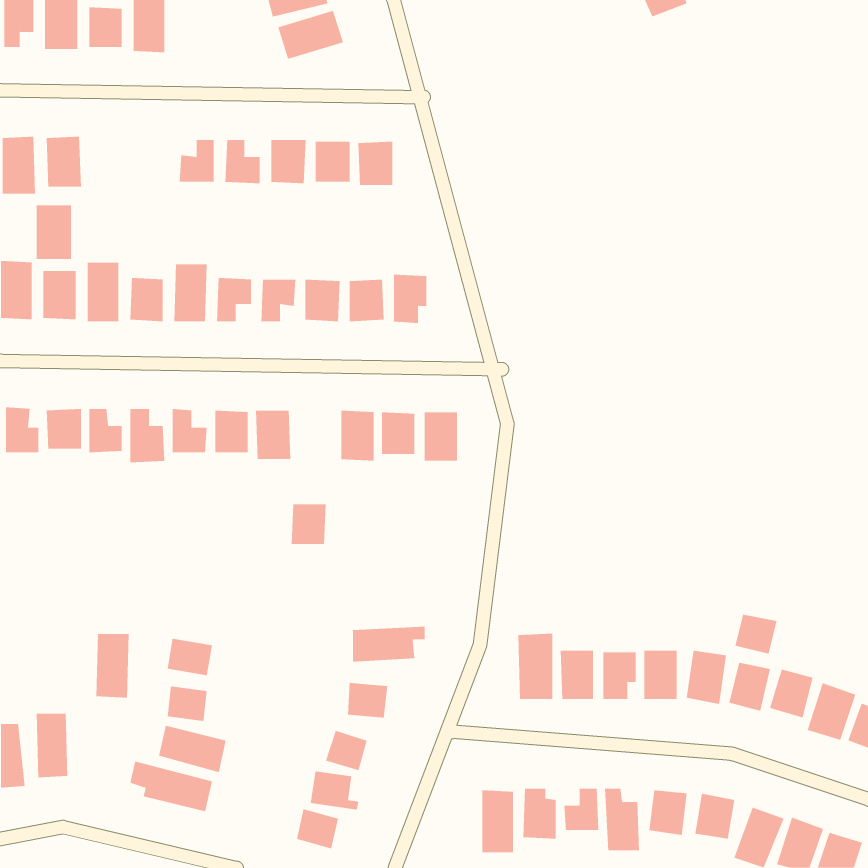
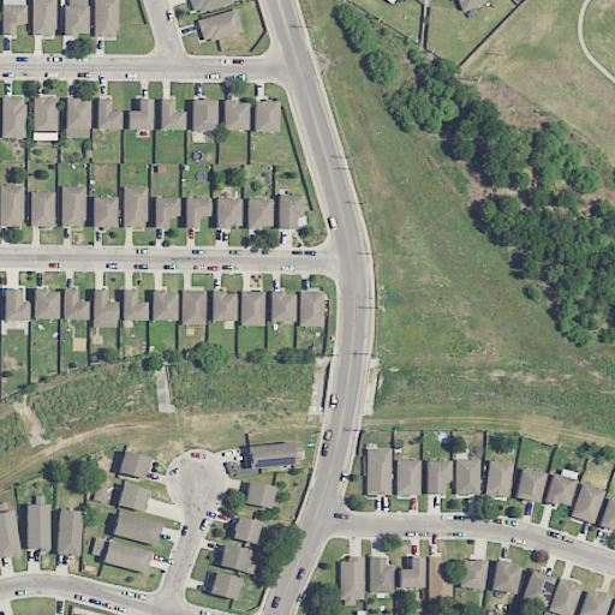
building: none -> [97,97,123,129]
building: [36,205,72,259] -> [65,98,90,137]
building: [291,504,327,545] -> [211,291,237,320]
building: [735,614,777,654] -> none
building: [95,634,130,698] -> [58,509,82,555]

